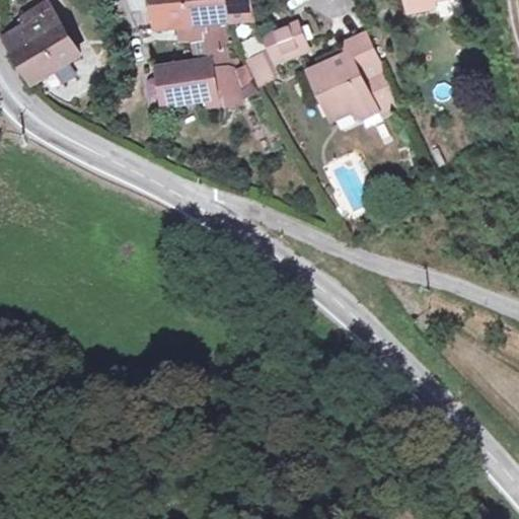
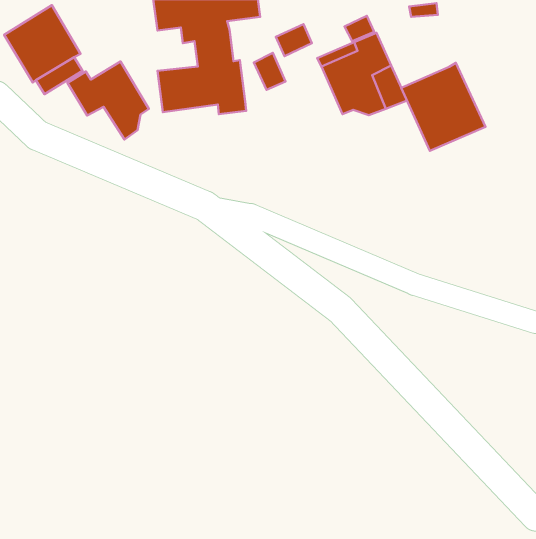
building: none -> [68,62,149,139]
building: none -> [401,63,485,151]

